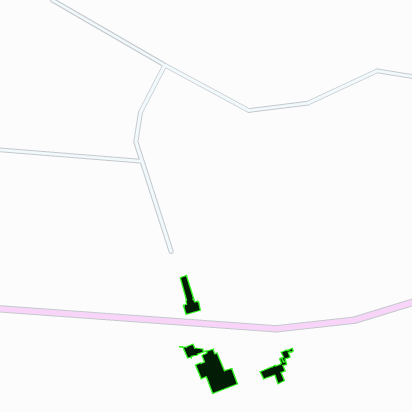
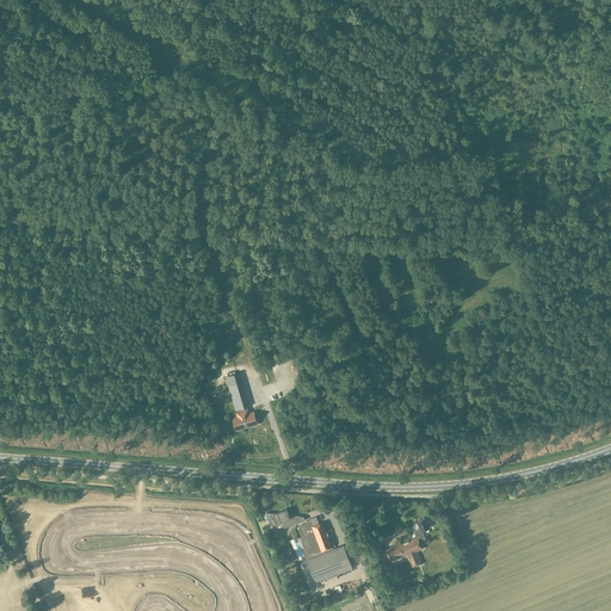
building: [180,275,200,314] -> [228,374,258,431]

